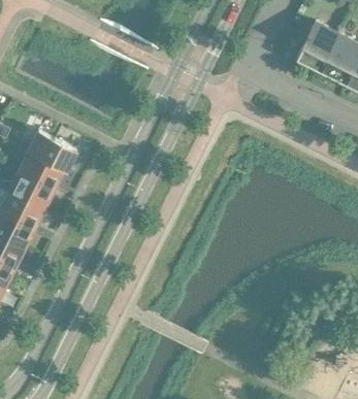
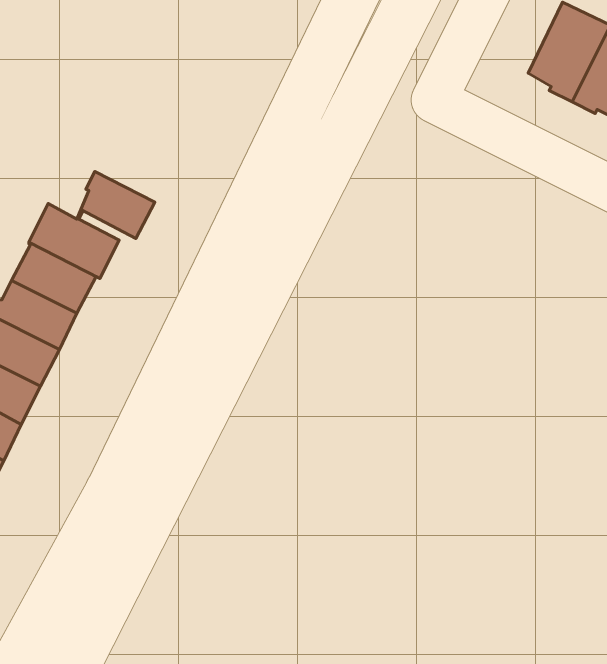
building: none -> [81,171,155,238]

